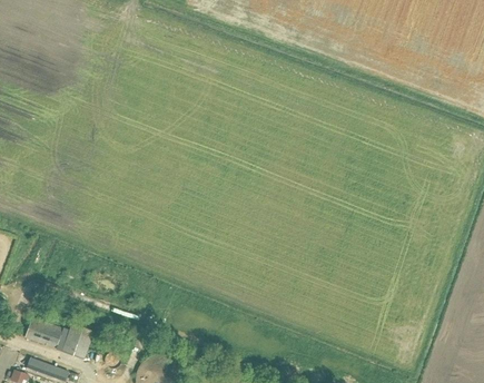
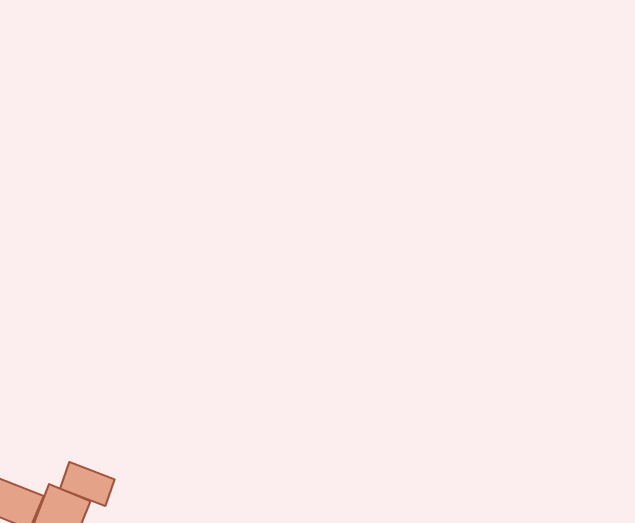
building: none -> [60,462,115,506]

